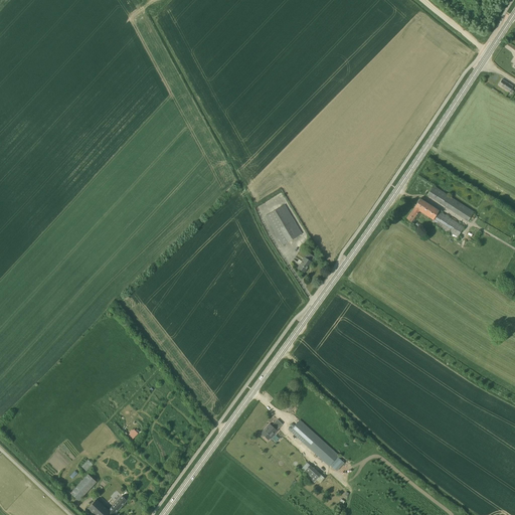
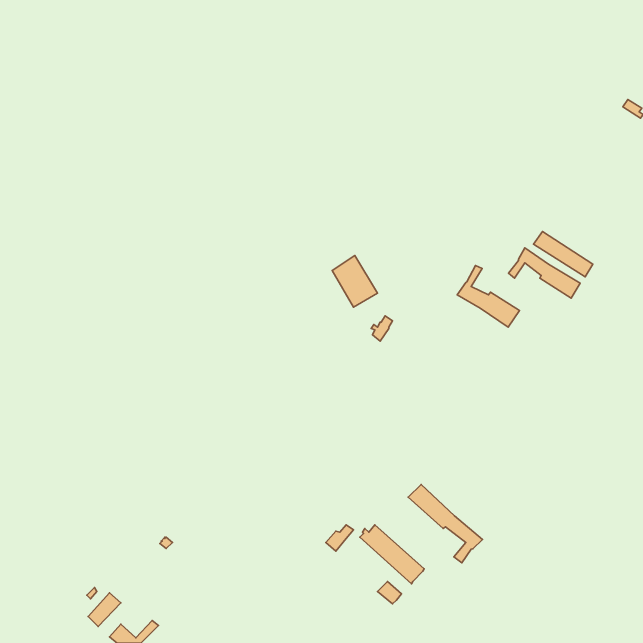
building: none -> [457,265,520,327]
building: none -> [408,484,482,563]

